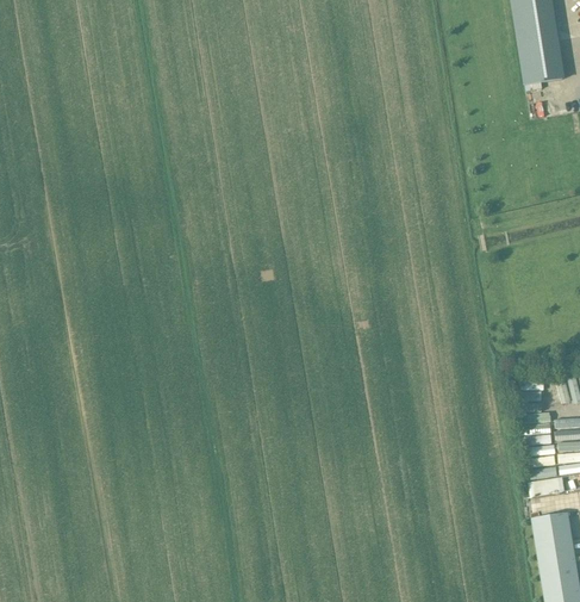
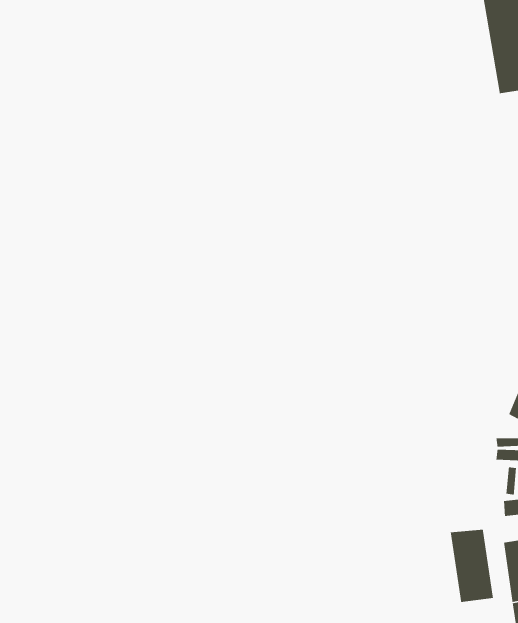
building: none -> [450,529,494,603]

